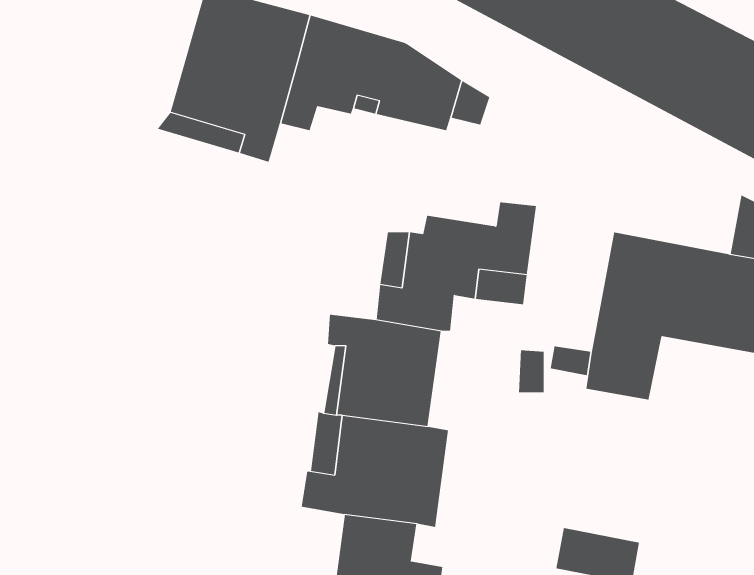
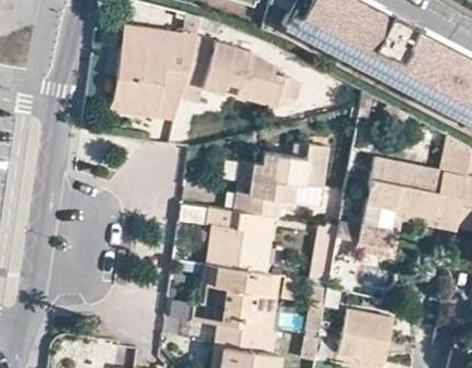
building: none -> [345,311,394,342]

